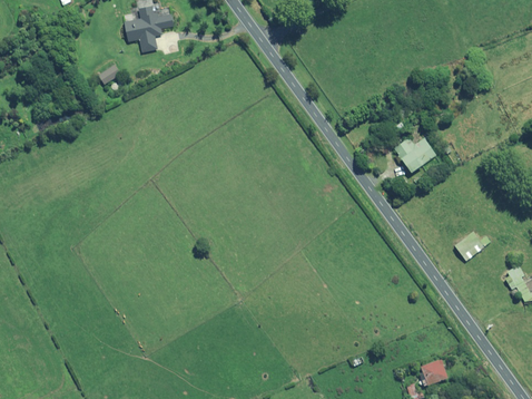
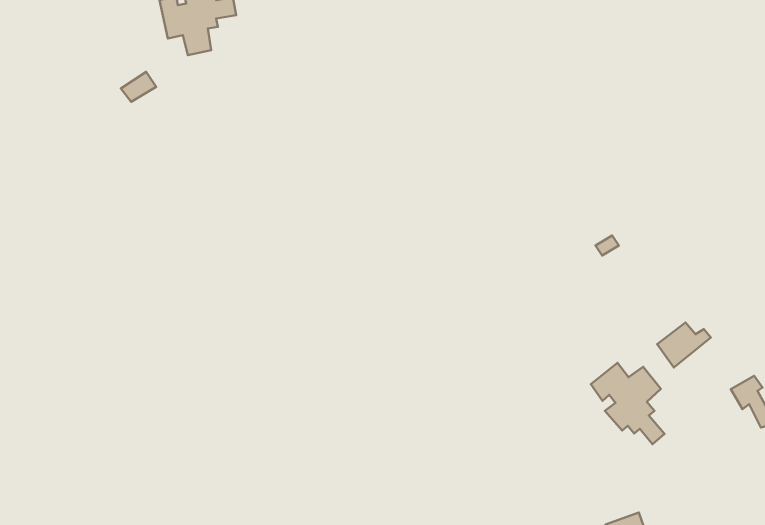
building: [391,137,436,172] -> none
building: none -> [591,363,665,444]

